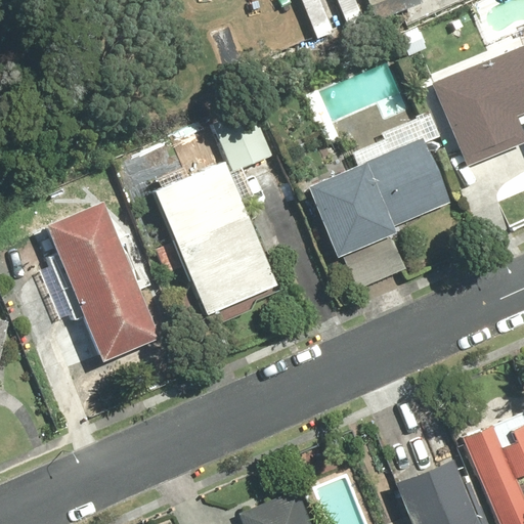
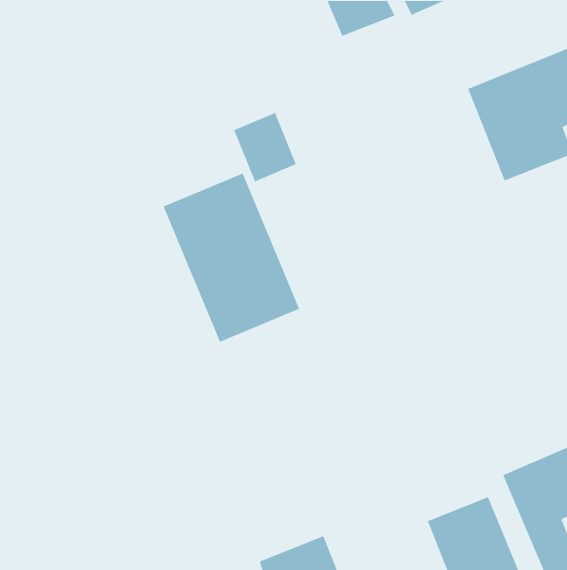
building: [305,138,452,257] -> none
building: [45,200,163,362] -> none

